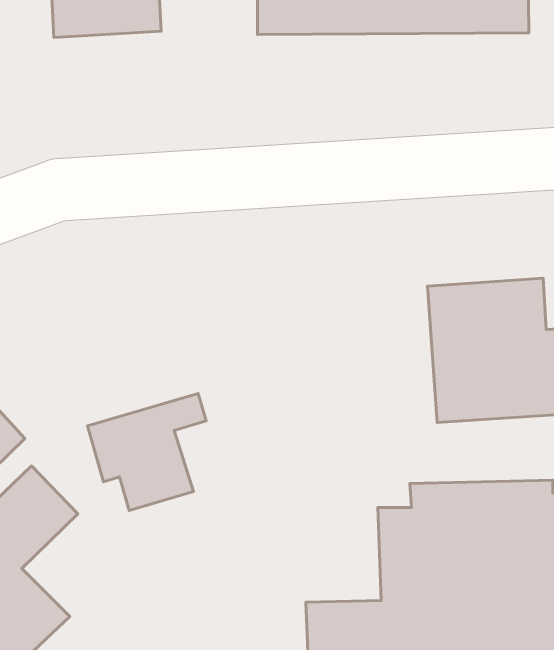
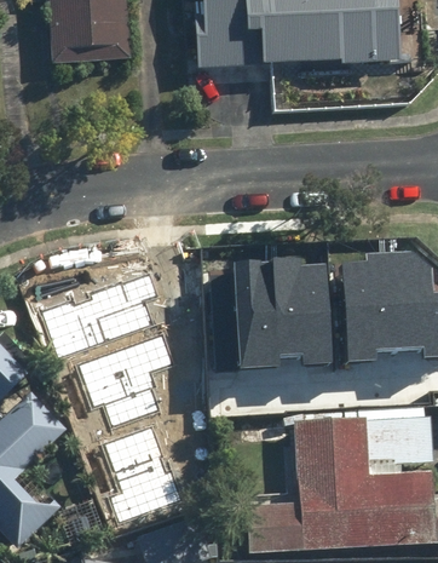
building: none -> [223,257,323,364]
building: none -> [39,270,157,354]
building: none -> [96,421,178,519]

